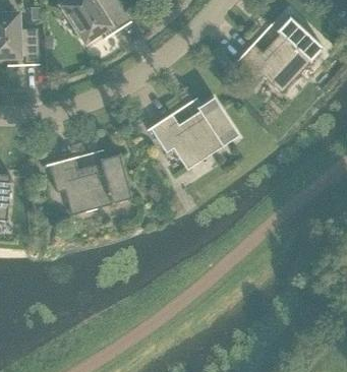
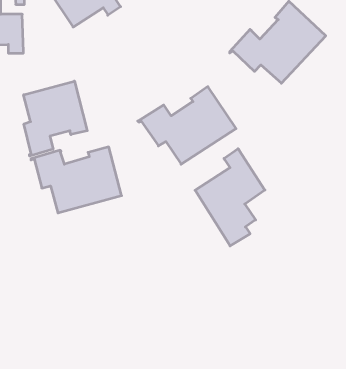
building: none -> [24,81,87,156]
building: none -> [195,149,265,246]

